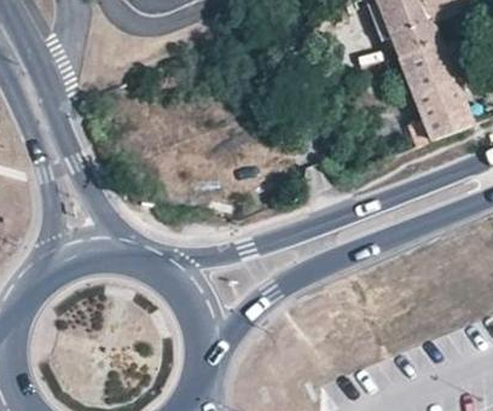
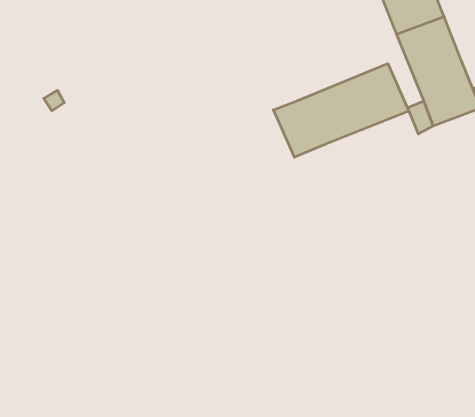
building: none -> [273,64,409,157]

